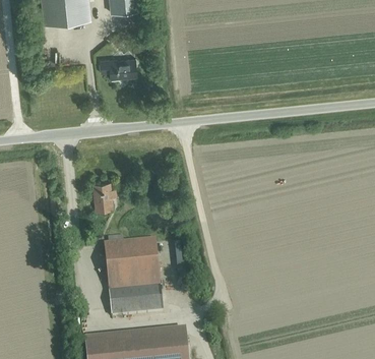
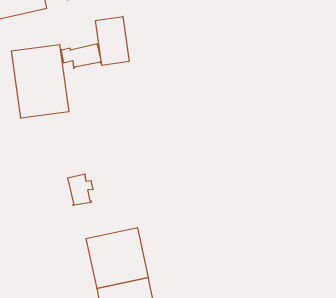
building: none -> [96,16,129,65]
building: none -> [11,44,69,118]

